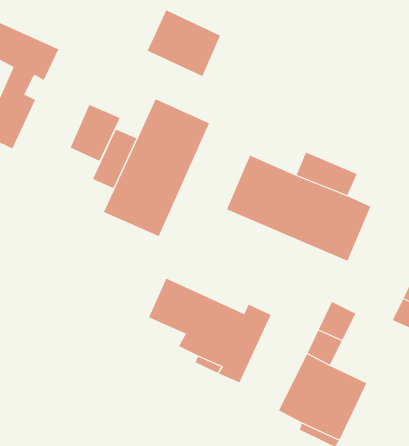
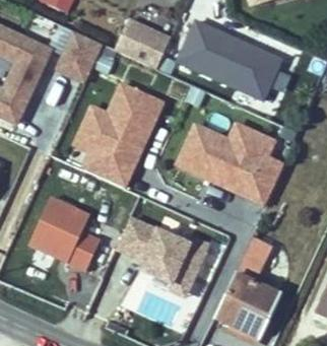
building: none -> [179,20,297,106]
building: [70,104,120,162] -> [66,32,104,75]
building: none -> [26,199,99,274]

